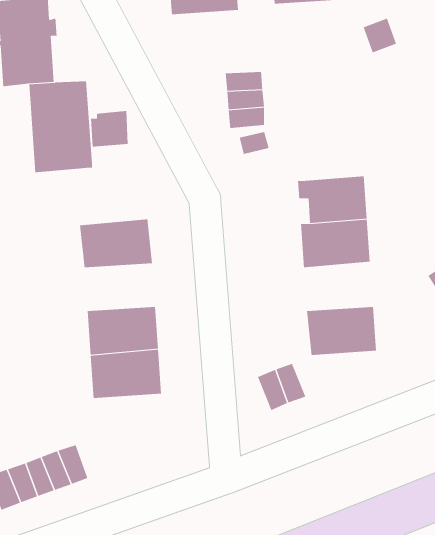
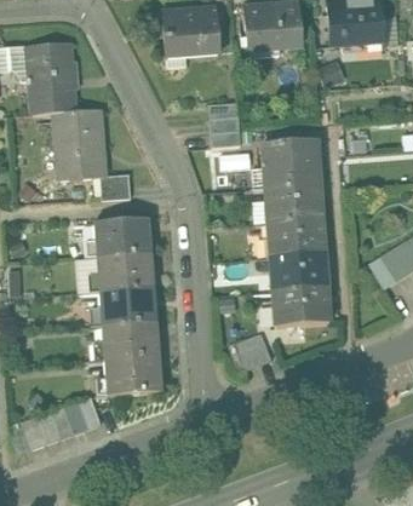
building: [90,110,129,147] -> [101,172,131,201]
building: none -> [263,139,320,188]
building: none -> [271,252,327,291]
building: none -> [98,253,155,291]
building: none -> [105,356,162,397]

